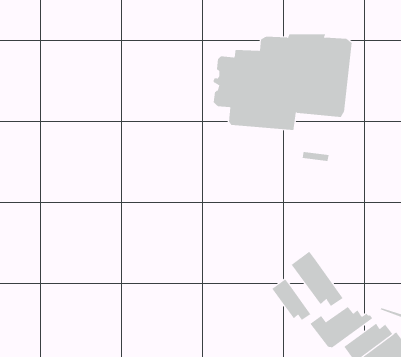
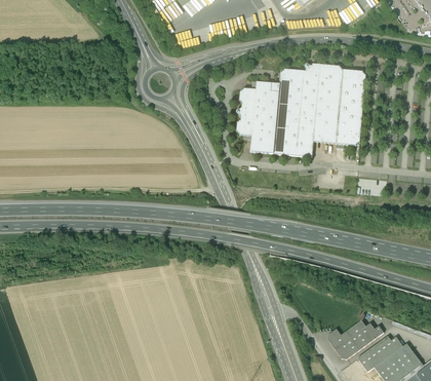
building: [291,251,343,307] -> none
building: [271,278,311,321] -> none

